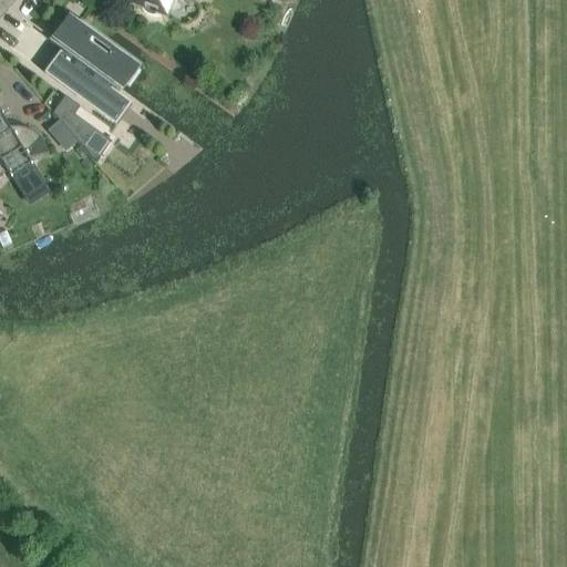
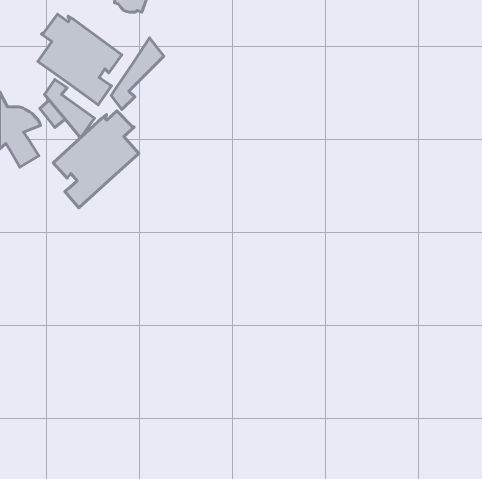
building: none -> [111,38,164,110]
building: none -> [53,111,139,208]

